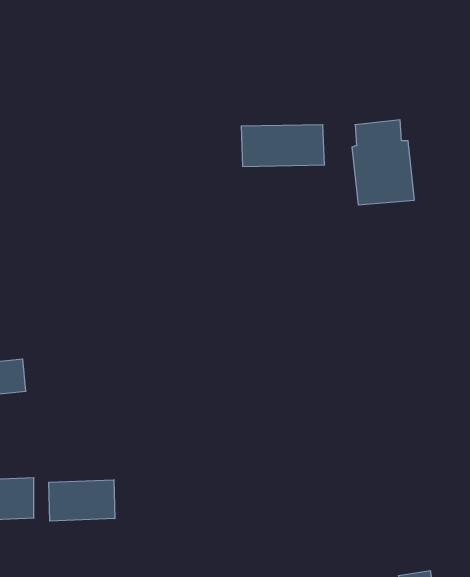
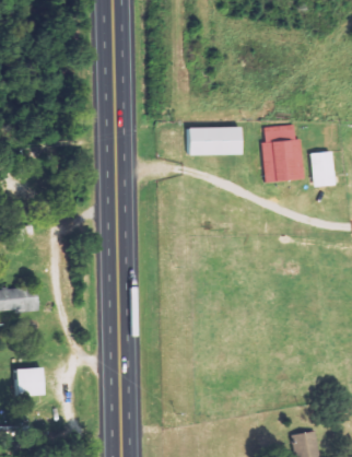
building: none -> [310,151,335,187]
building: [49,480,115,521] -> none

